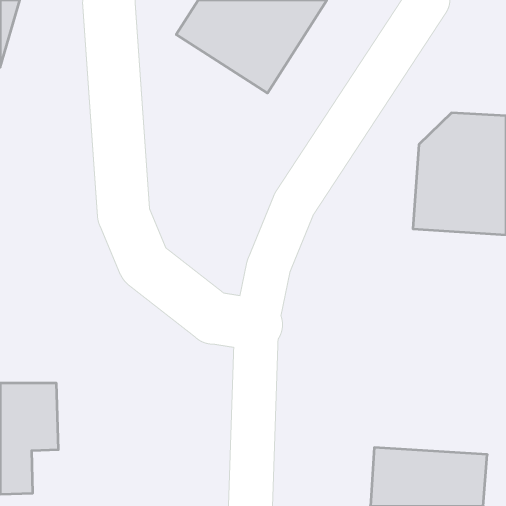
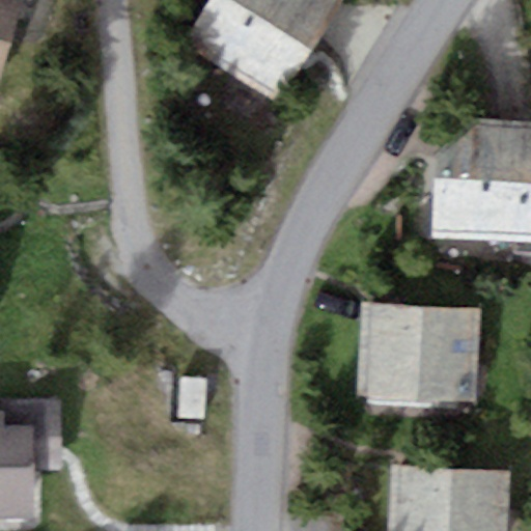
building: none -> [359,304,480,401]

